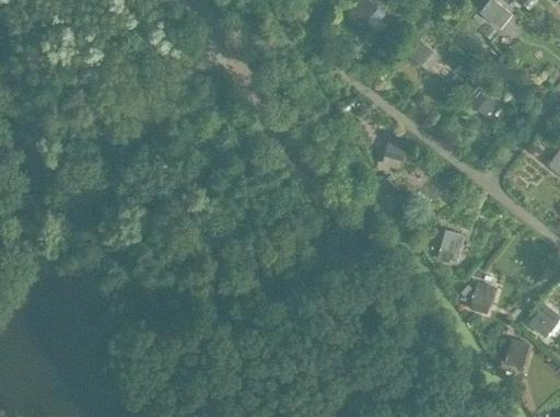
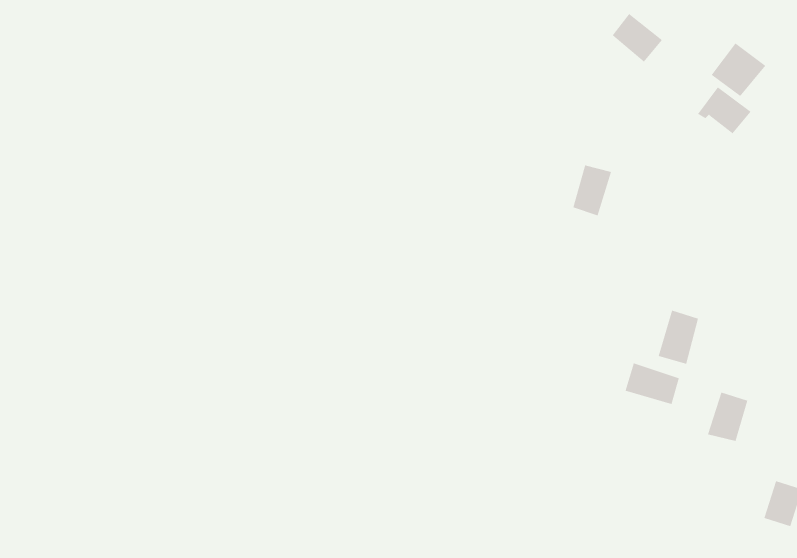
building: none -> [711,43,766,97]
building: none -> [625,362,680,405]

